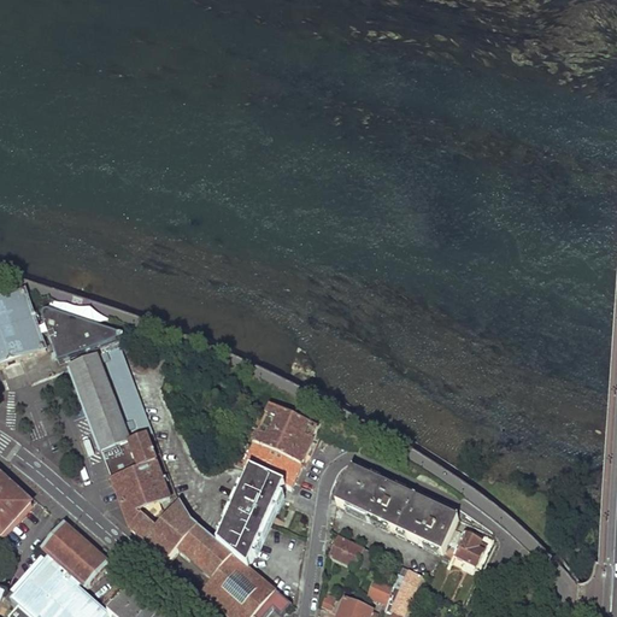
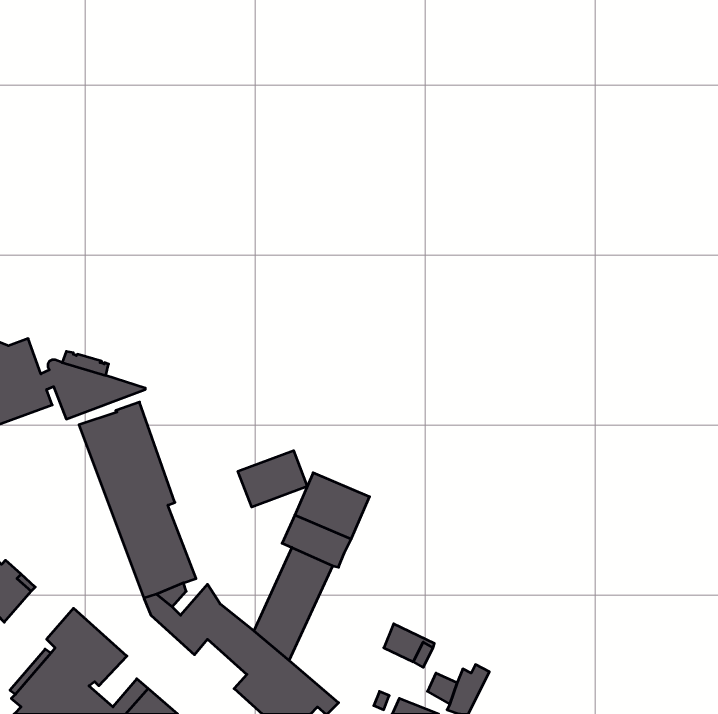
building: none -> [238,451,307,507]
building: [334,468,457,550] -> none
building: [454,531,482,564] -> none

